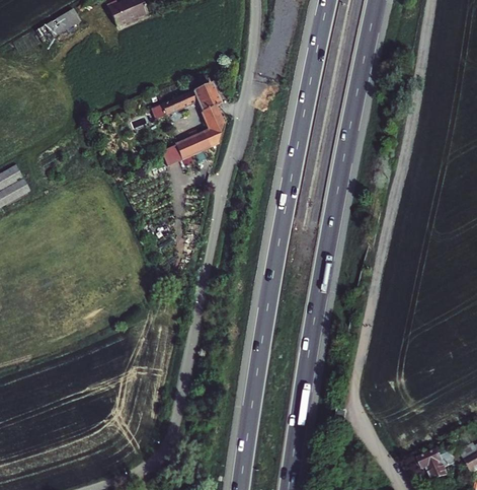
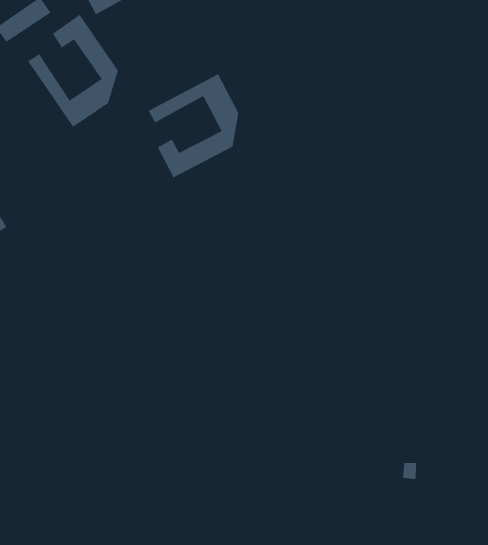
building: none -> [27,14,119,128]

